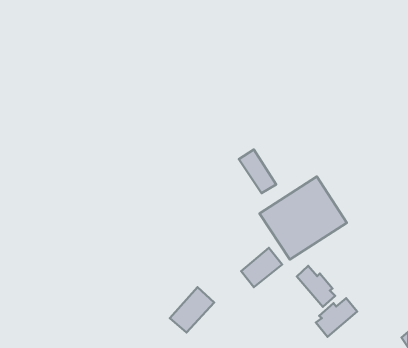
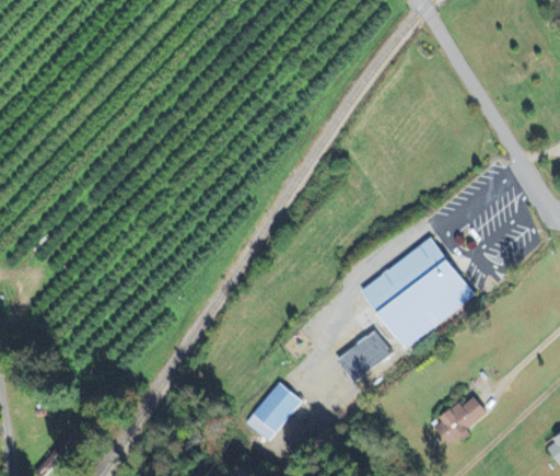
building: [239,149,276,193] -> none
building: [297,266,335,307] -> none

